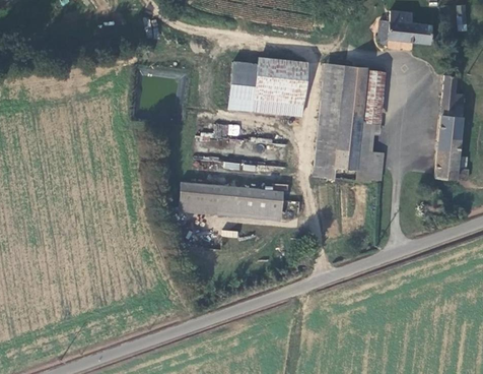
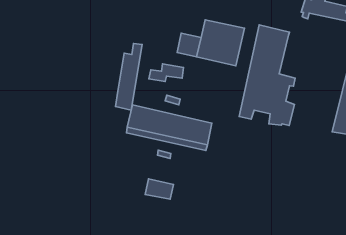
building: [231,60,259,84] -> none
building: [358,68,383,120] -> none
building: none -> [115,44,142,110]
building: none -> [145,179,173,199]

